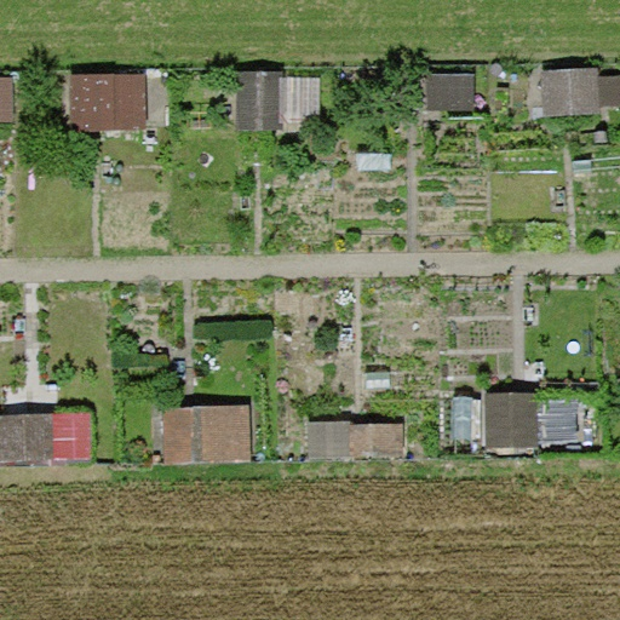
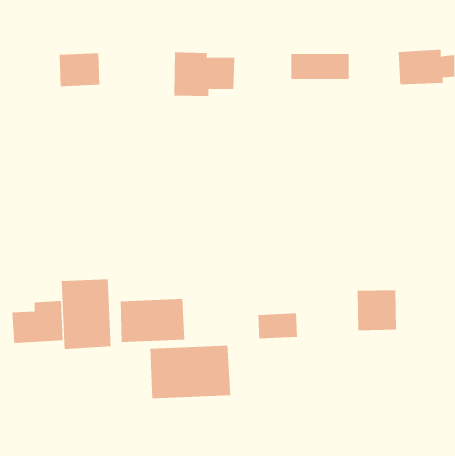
building: none -> [61,278,111,350]
building: none -> [150,345,231,399]

